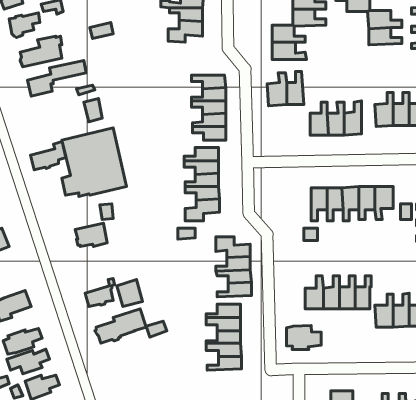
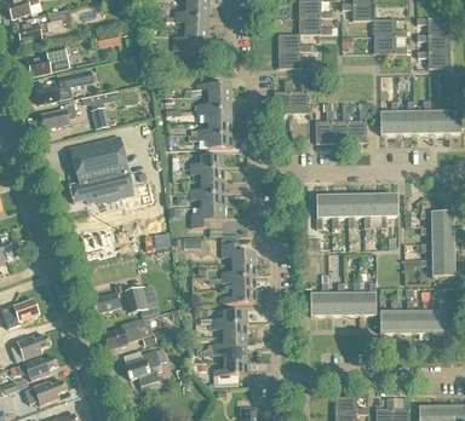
building: [30,142,66,170] -> [40,100,75,128]
building: [286,326,321,350] -> none
building: none -> [124,348,157,387]

